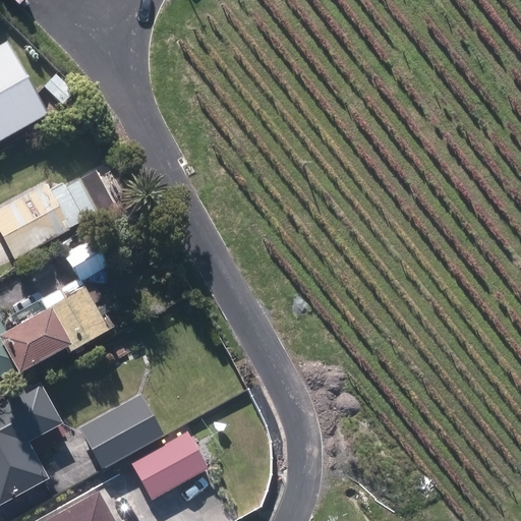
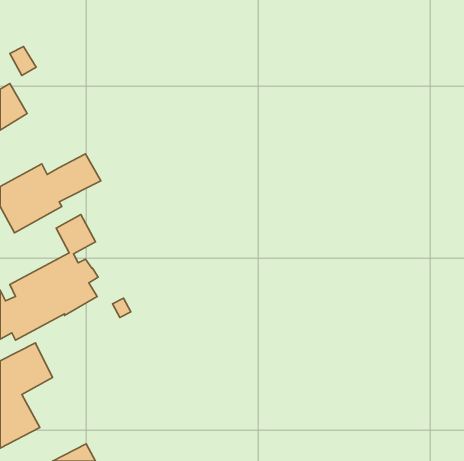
building: [52,393,164,476] -> none
building: [132,429,208,497] -> none

